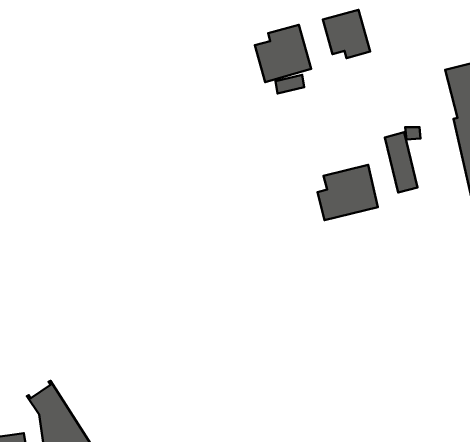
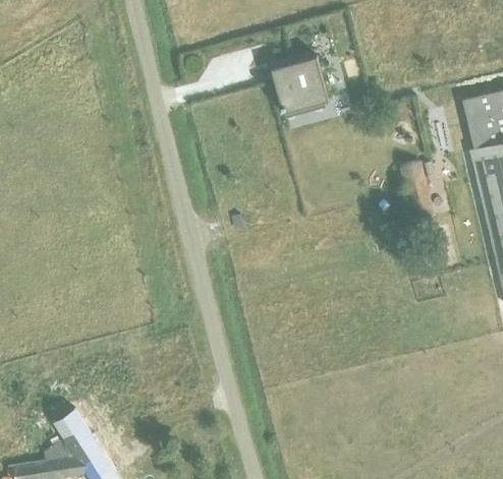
building: [323,10,370,58] -> none
building: [317,165,378,220] -> none

